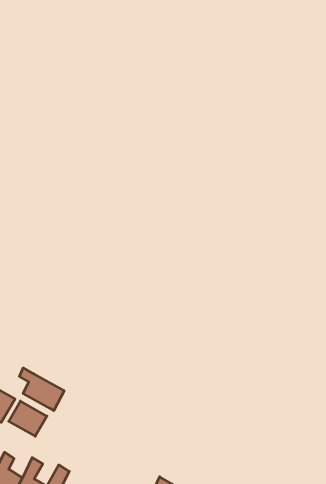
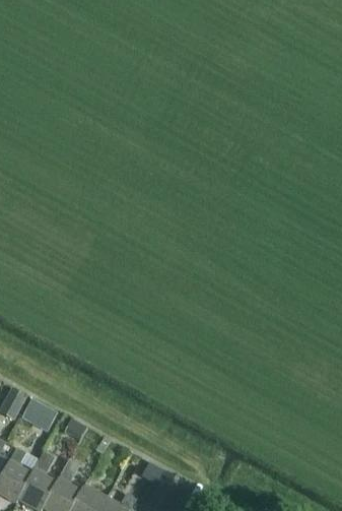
building: [19,368,64,411] -> none

